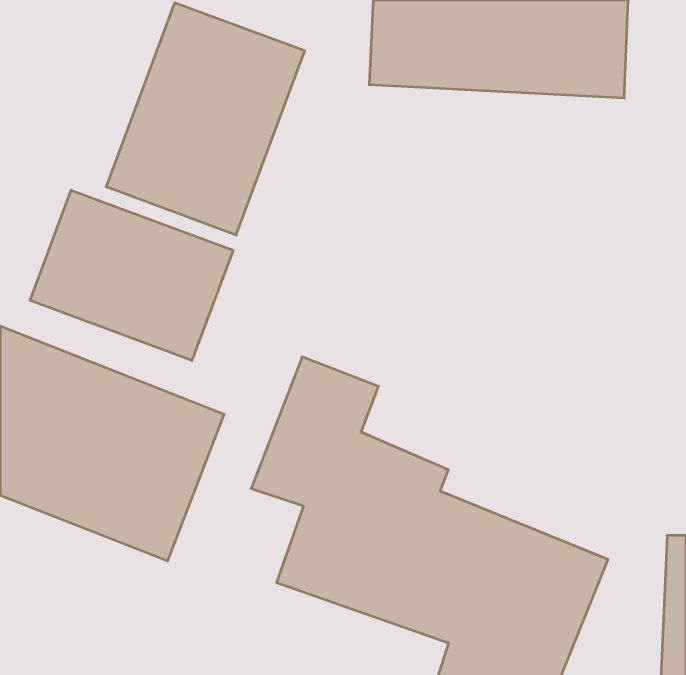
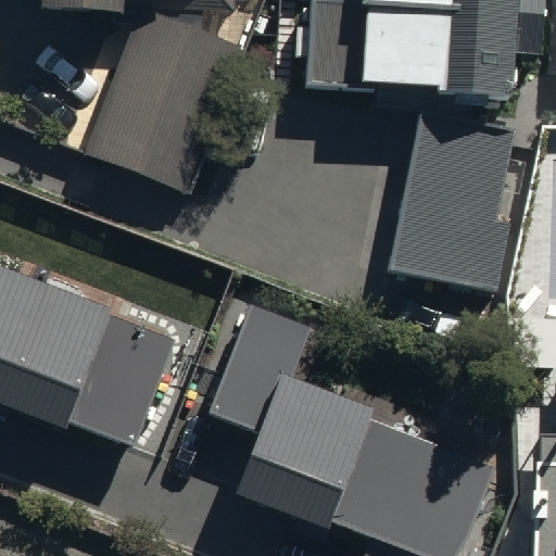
building: none -> [389,111,518,290]
building: [30,190,233,361] -> none

